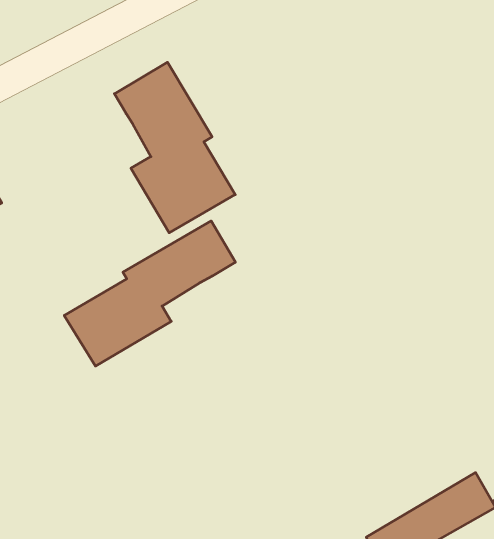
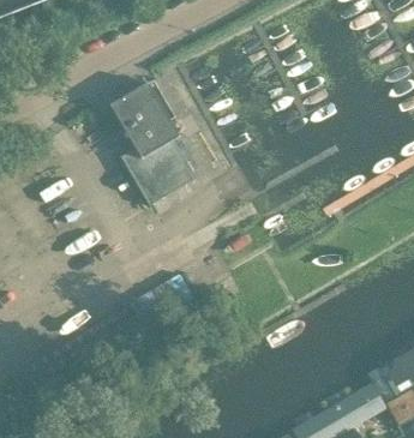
building: [64,221,235,366] -> none

